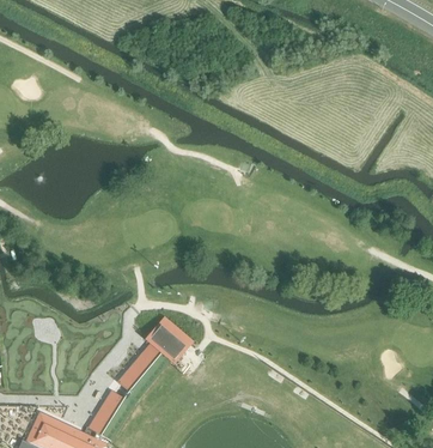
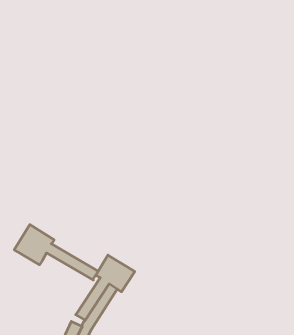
building: none -> [14,225,98,280]

